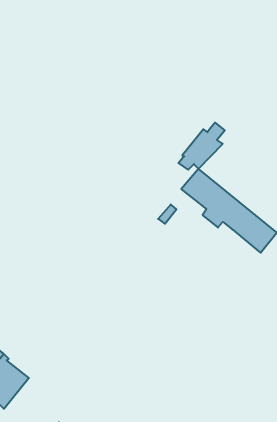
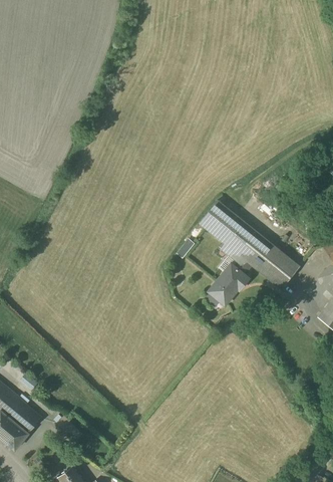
building: [178,123,225,170] -> [205,255,253,304]

